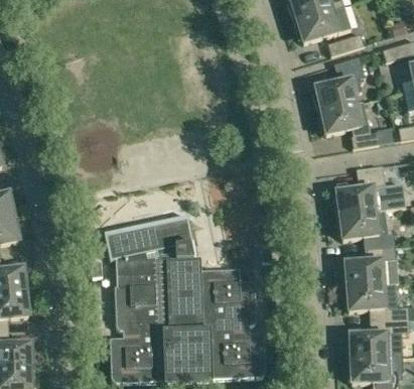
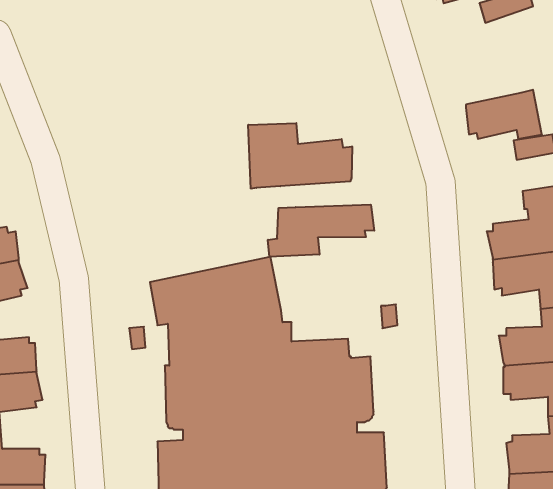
building: [312,54,366,110] -> none
building: none -> [248,123,352,189]
building: none -> [268,205,374,257]

